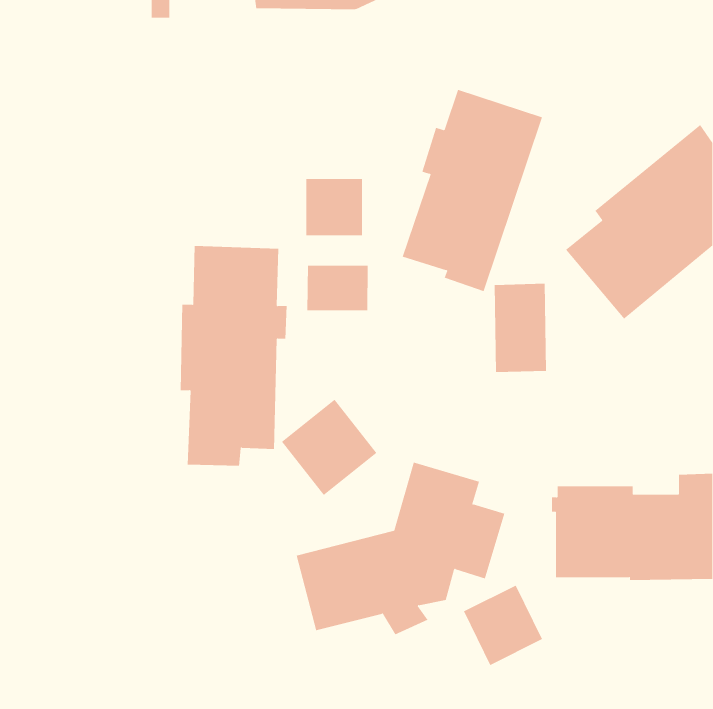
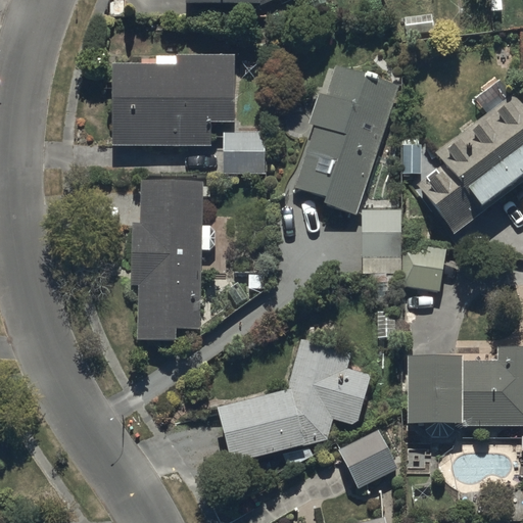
building: none -> [112,55,235,146]
building: [307,265,368,311] -> none
building: [281,399,377,496] -> none

